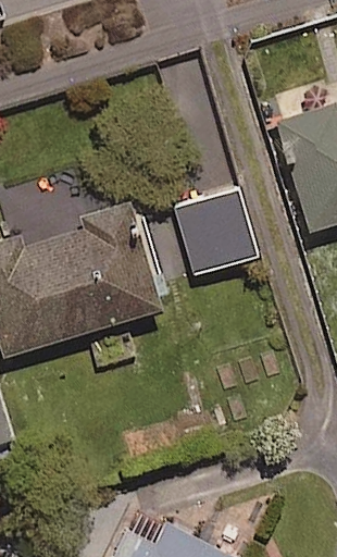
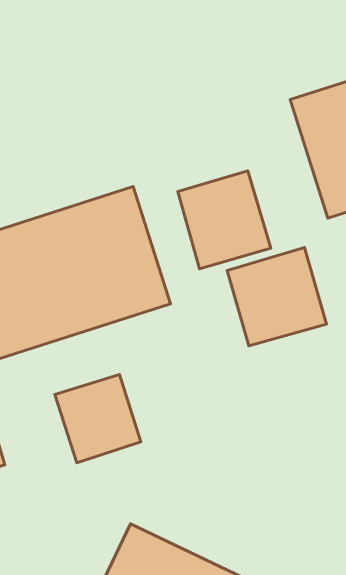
building: none -> [227,248,326,346]
building: none -> [55,374,141,463]

